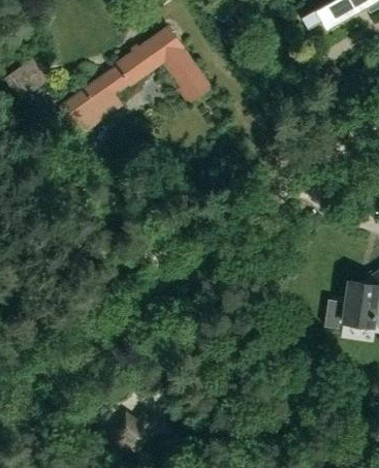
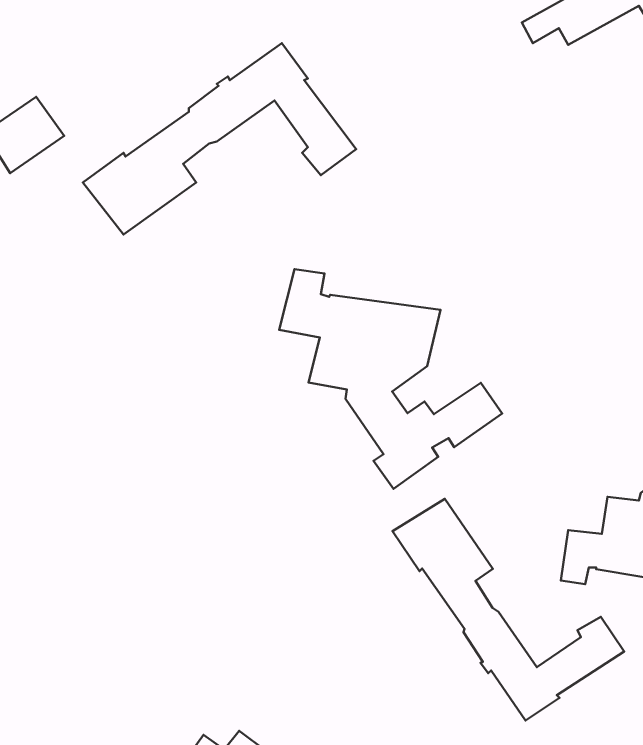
building: none -> [279,269,502,489]
building: none -> [392,499,624,721]

